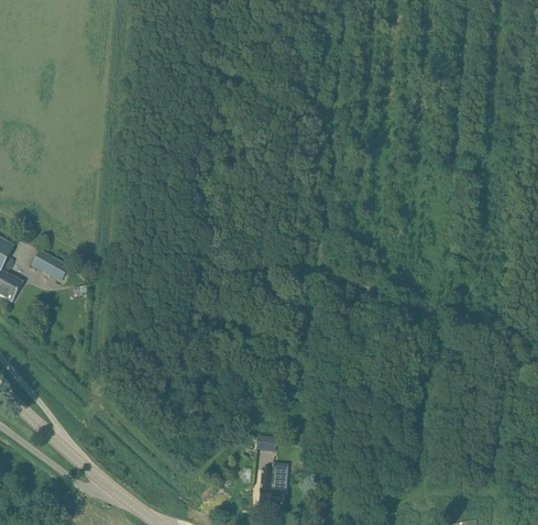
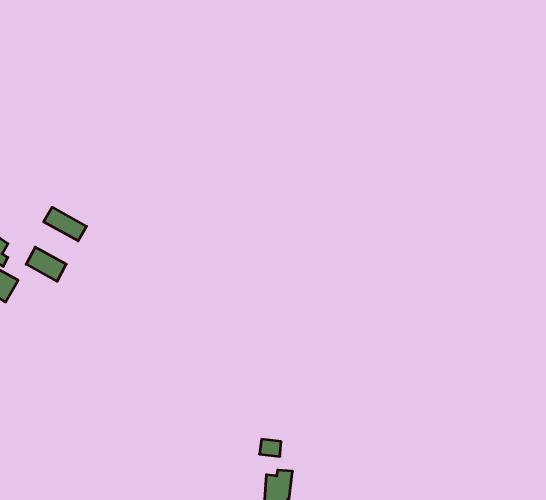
building: none -> [44,207,87,241]

